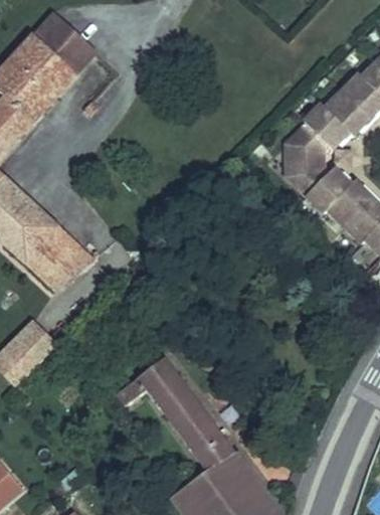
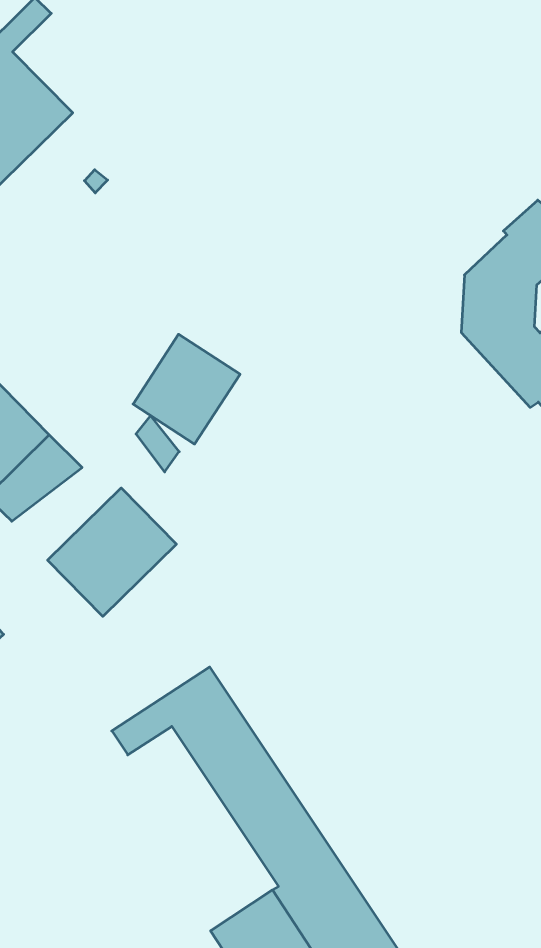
building: [44,21,97,72] -> none
building: none -> [133,334,240,444]
building: none -> [48,488,176,616]

